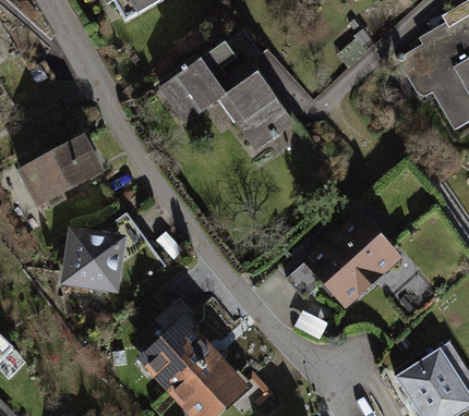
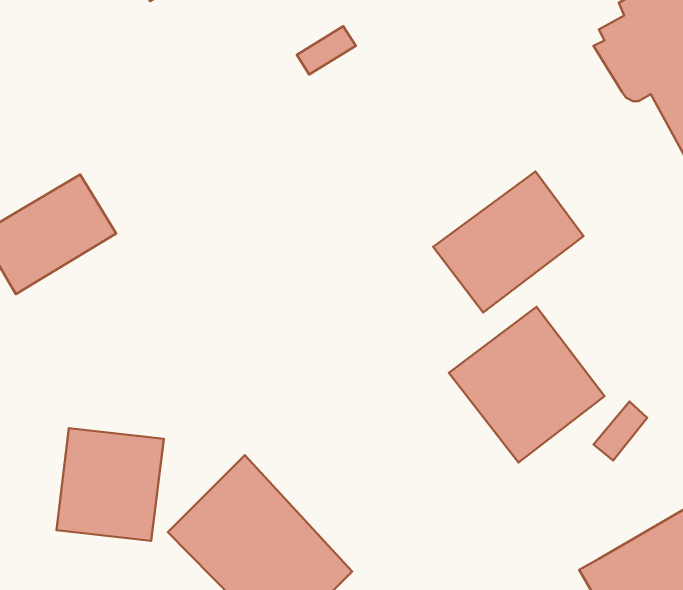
building: [161,63,298,154] -> none
building: none -> [433,172,583,312]
building: [62,222,128,291] -> [56,428,164,541]

